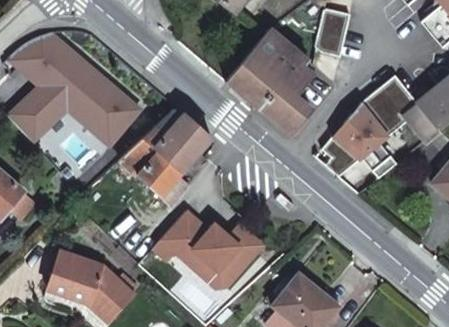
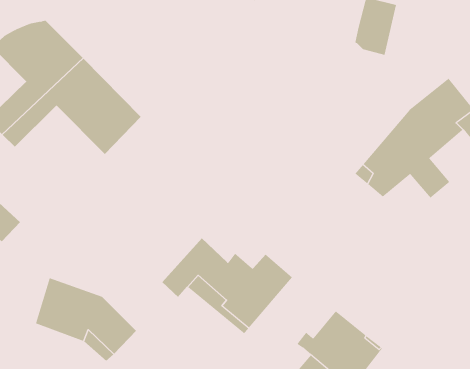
building: [225,29,314,137] -> none
building: [120,110,211,207] -> none

